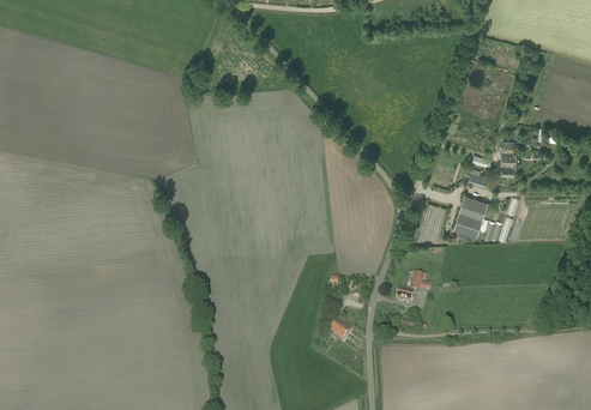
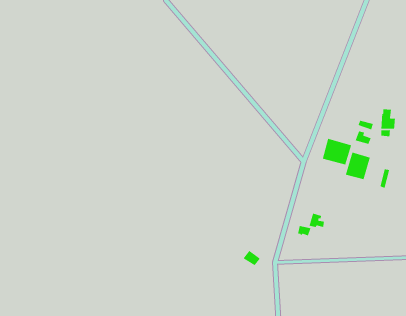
building: none -> [322,138,352,166]

